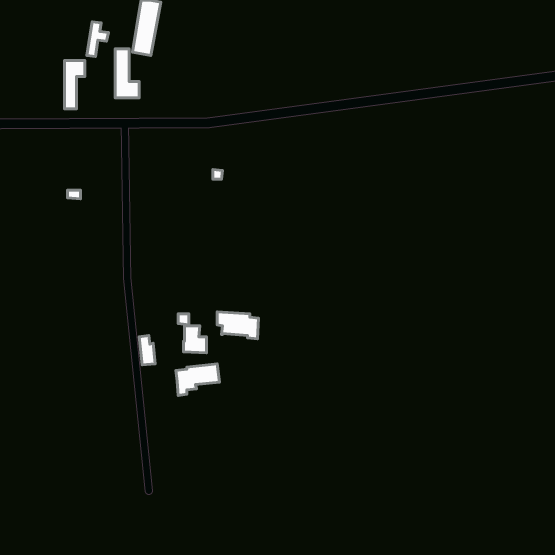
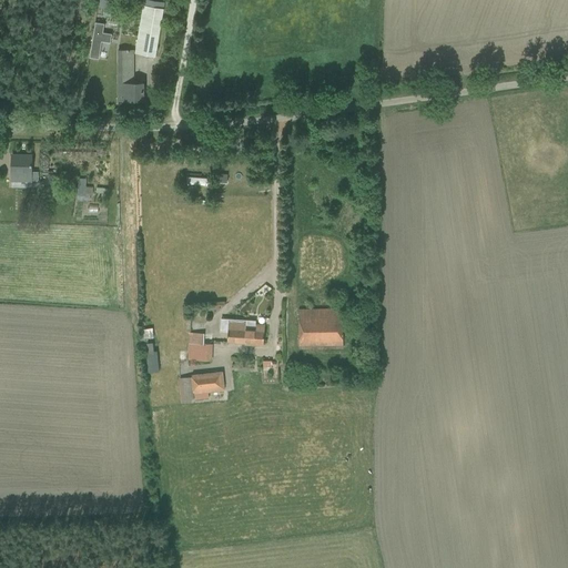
building: [64,60,85,109] -> none
building: none -> [11,155,38,182]
building: none -> [298,308,351,349]

